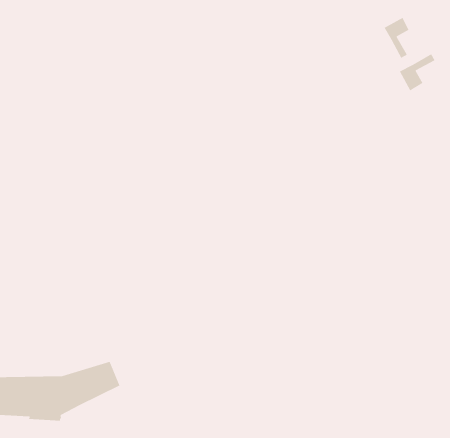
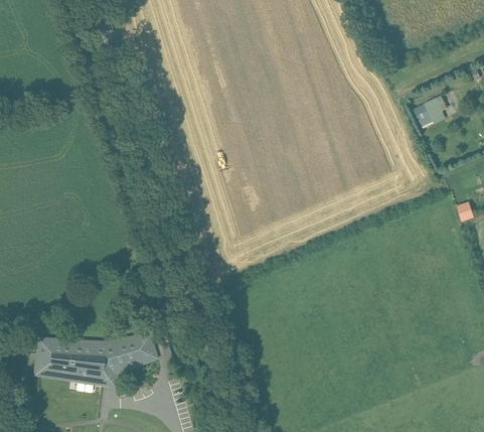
building: [383,17,410,59] -> none

